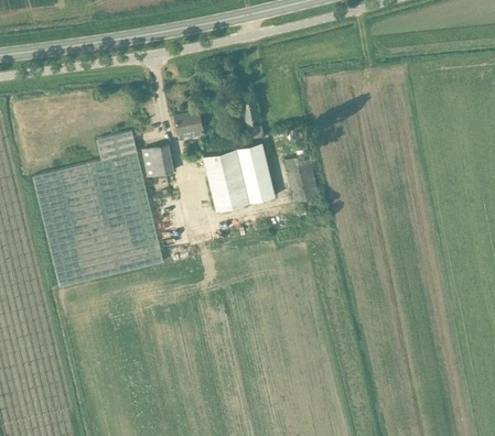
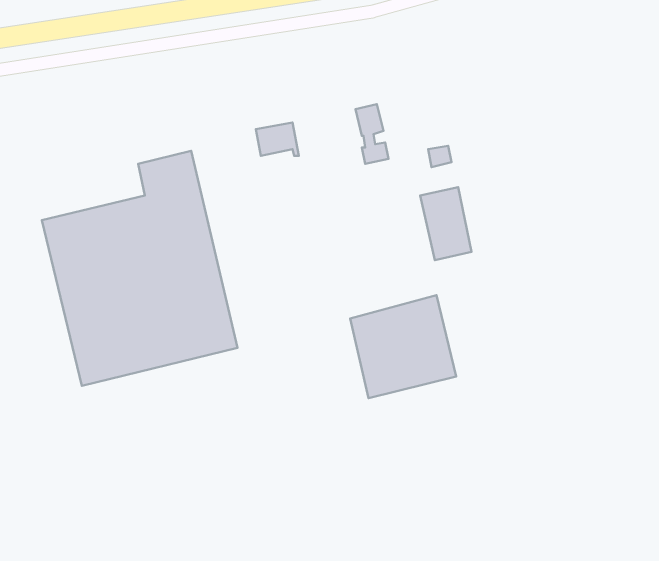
building: [204,143,275,211] -> [350,295,456,398]
building: [141,144,174,177] -> none

